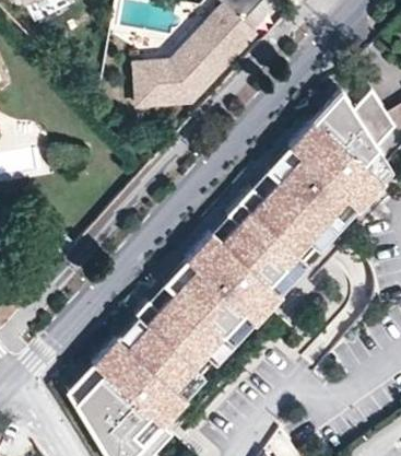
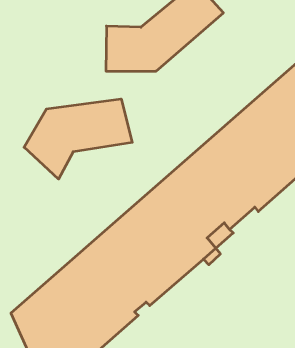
building: none -> [24,99,132,179]

